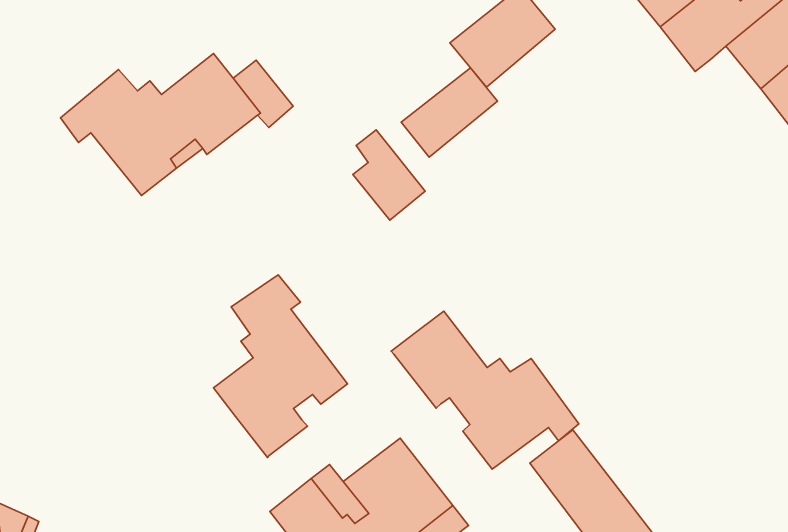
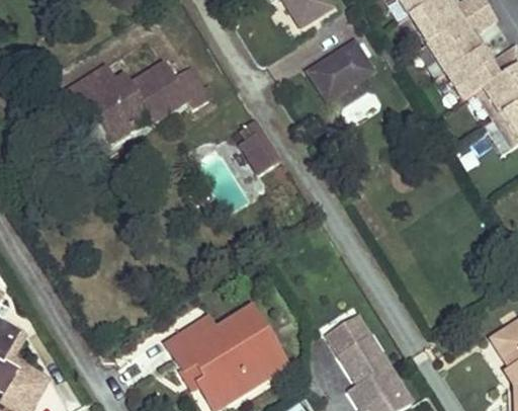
building: [401,68,498,157] -> none
building: [213,275,348,458] -> none
building: [391,311,579,469] -> none

